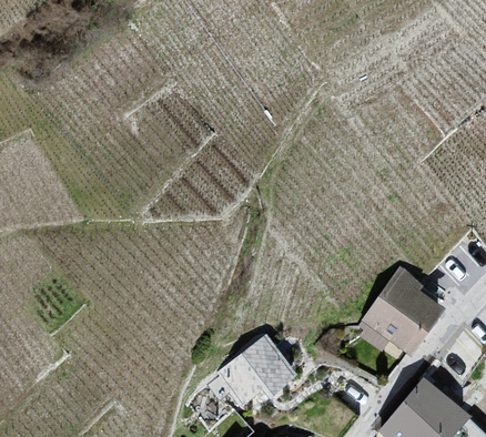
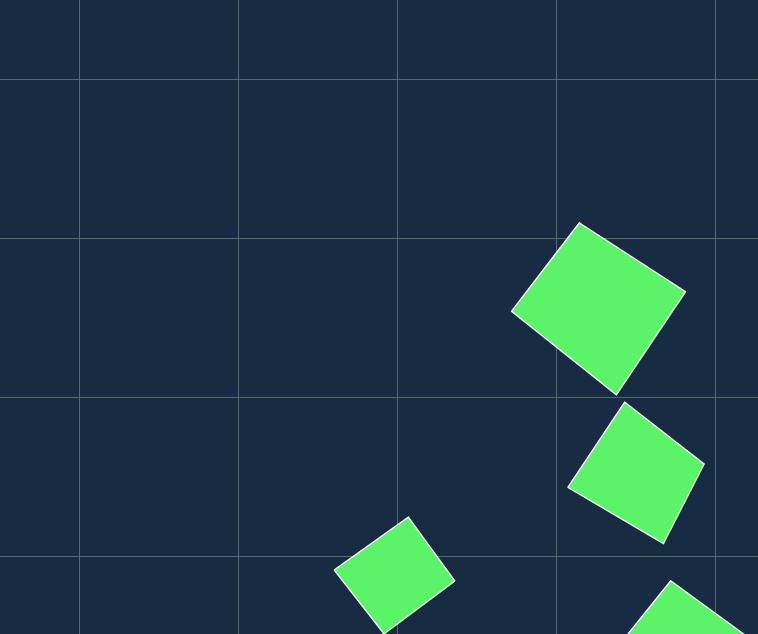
building: none -> [512,223,685,395]

